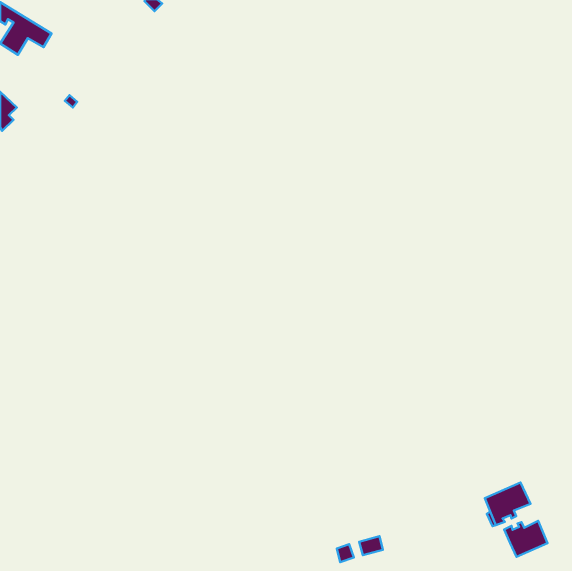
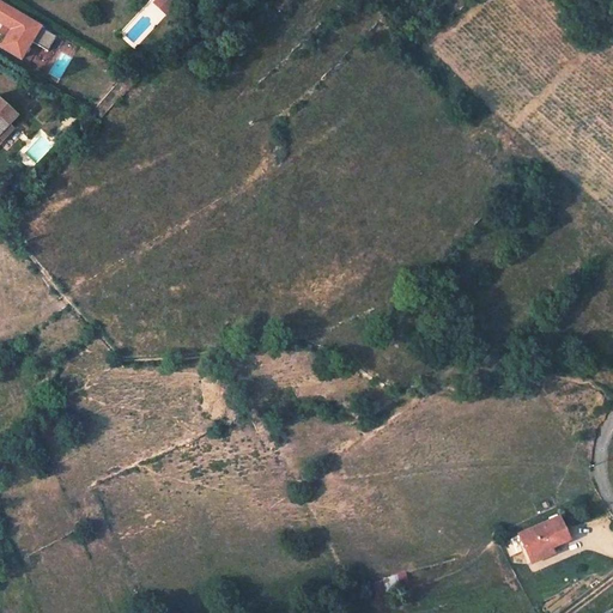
building: [504,521,547,557] -> none

